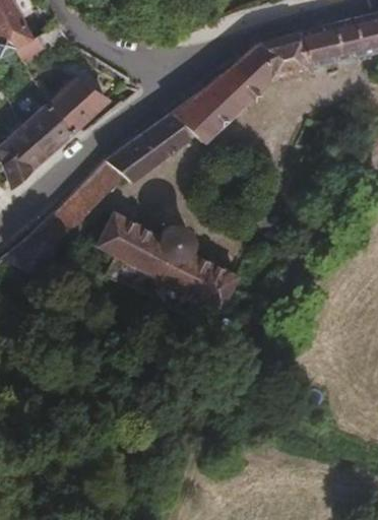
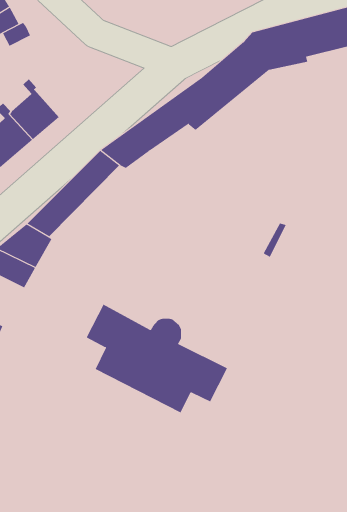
building: [45,74,106,127] -> none
building: [102,207,243,316] -> [86,304,228,413]

